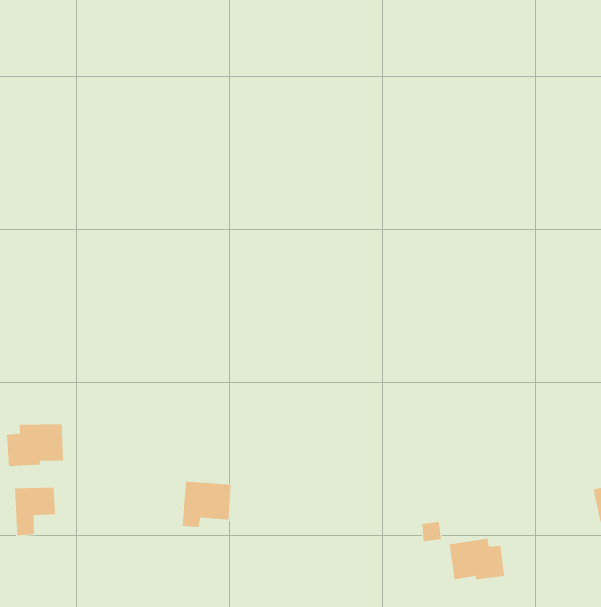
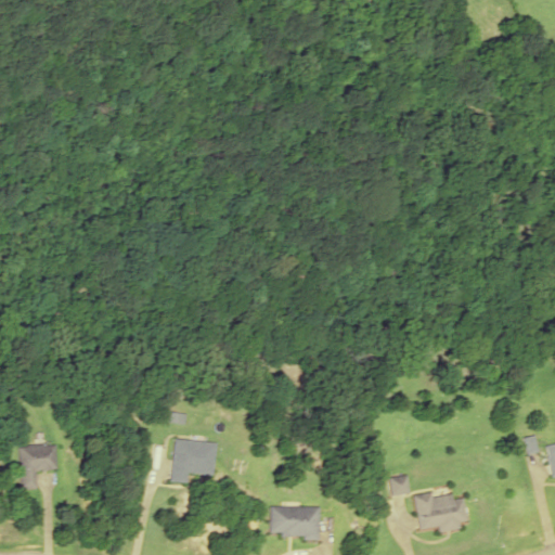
building: [7,423,64,467] -> none
building: none -> [271,507,319,538]

